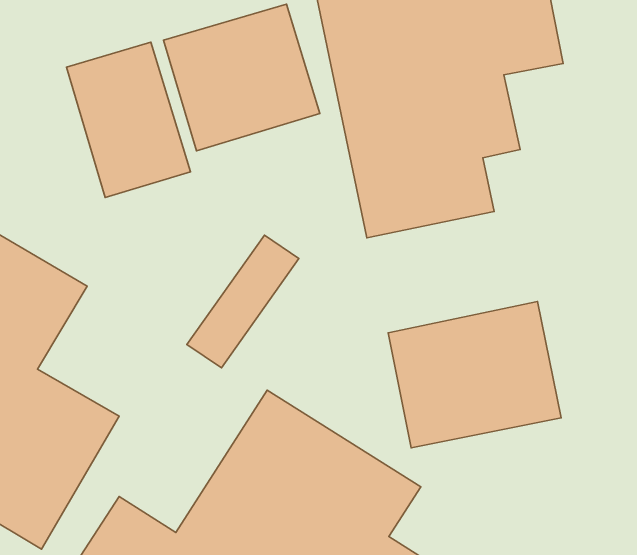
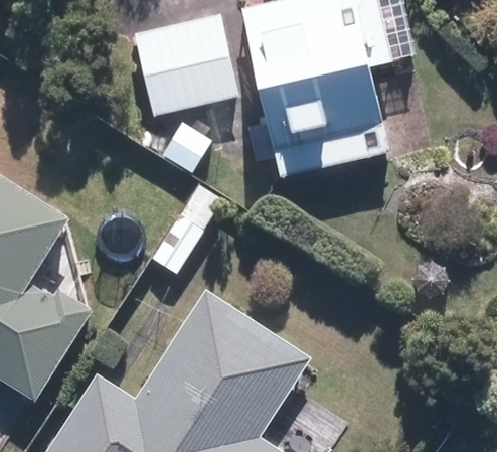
building: [66,42,191,198] -> none
building: [388,302,561,448] -> none

